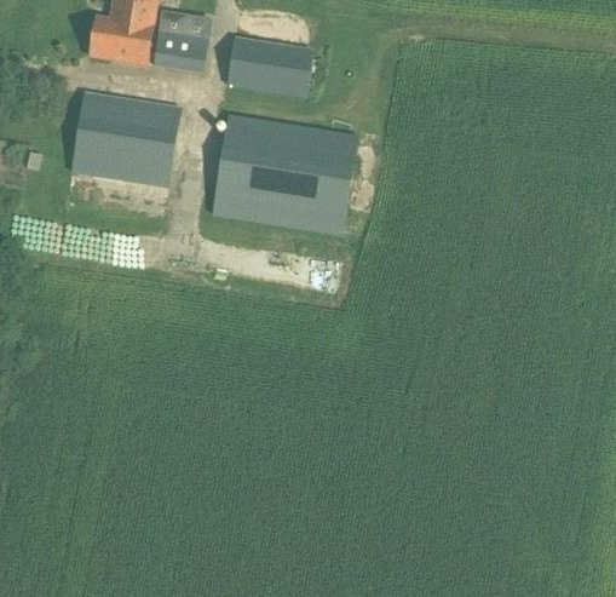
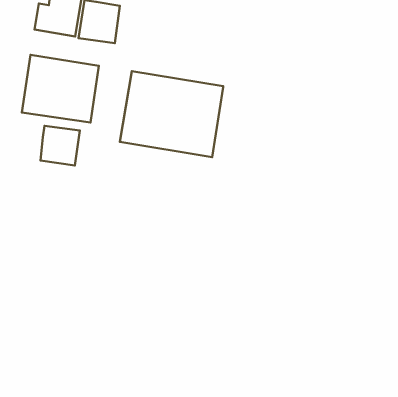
building: [225,36,313,97] -> none
building: none -> [40,126,80,166]

